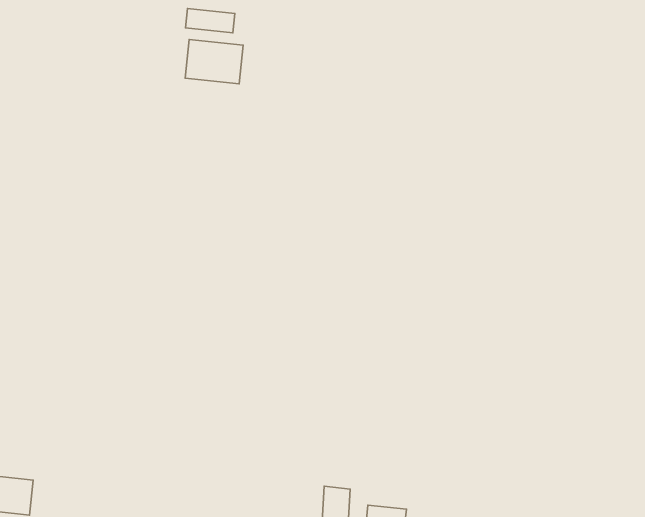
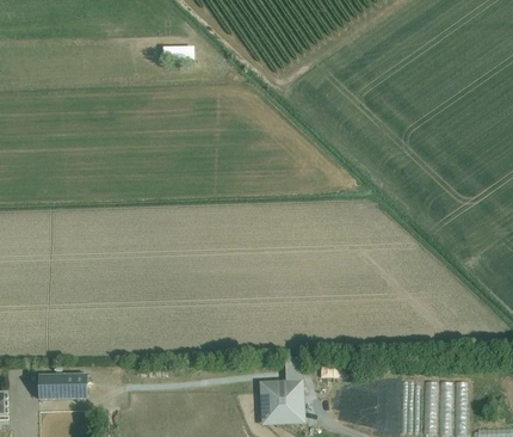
building: [185,39,243,84] -> none

